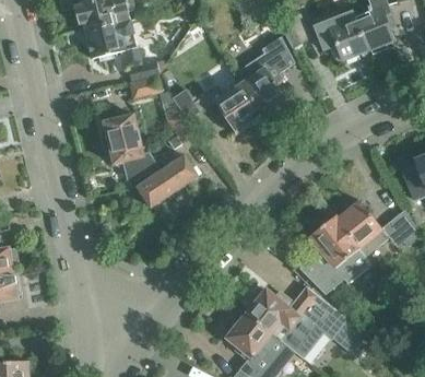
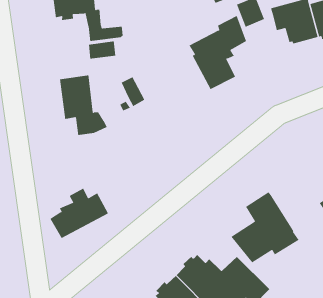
building: [172,83,261,134] -> none
building: [137,151,198,207] -> [50,188,109,239]
building: [337,201,388,255] -> none

